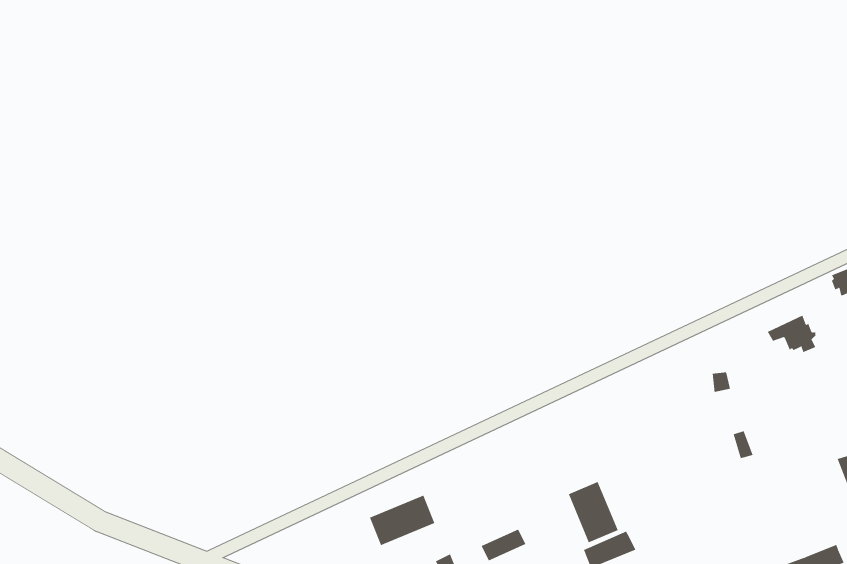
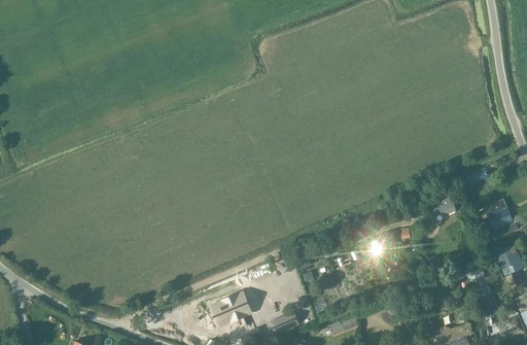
building: [568,481,619,543] -> none

